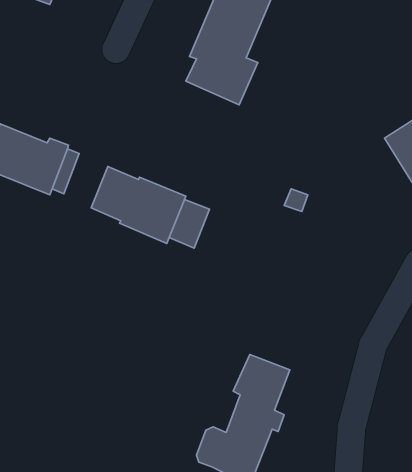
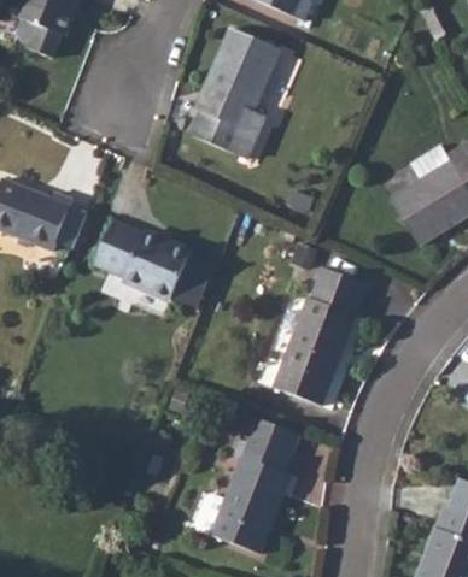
building: none -> [274,269,365,407]

